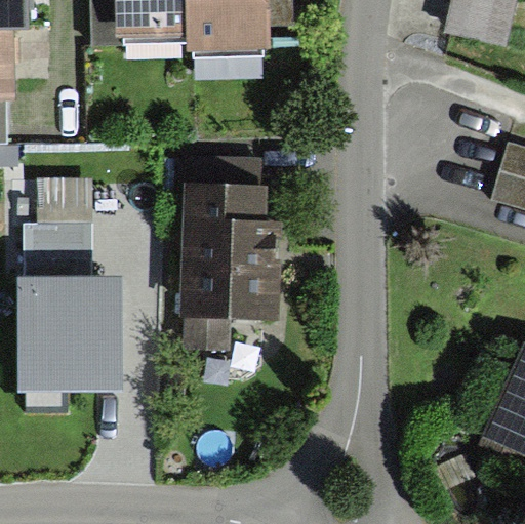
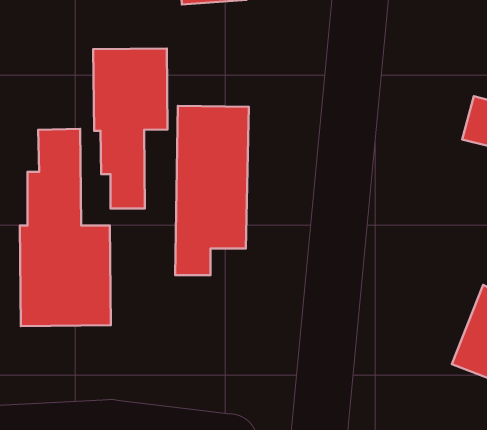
building: none -> [93,49,168,209]

